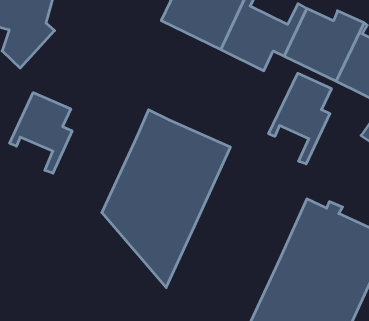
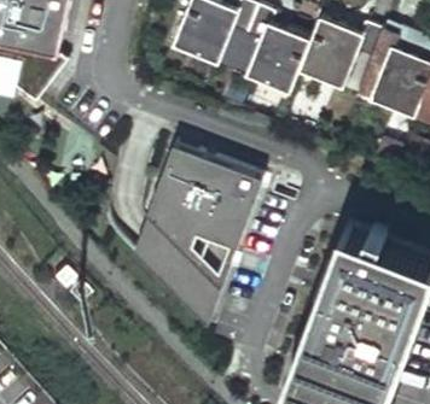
building: [269,73,331,164] -> none
building: [10,93,72,173] -> none

